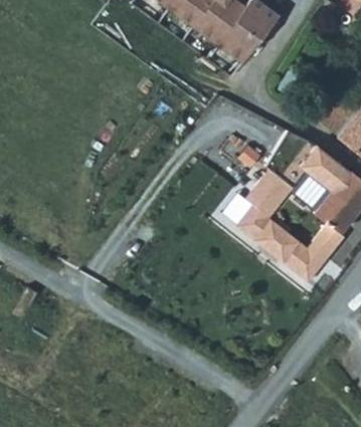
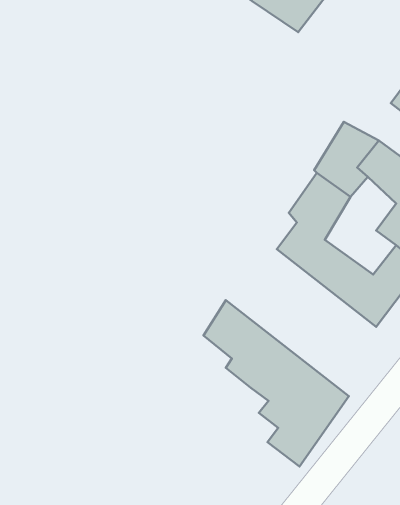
building: none -> [203,300,349,466]

